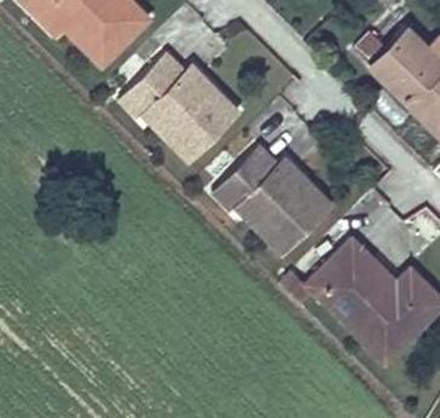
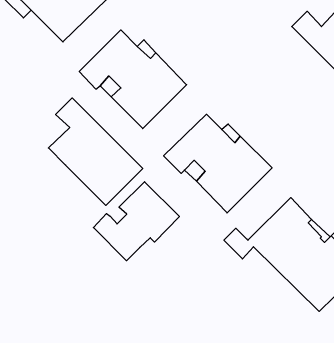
building: none -> [48,98,143,205]
building: none -> [93,182,179,261]

